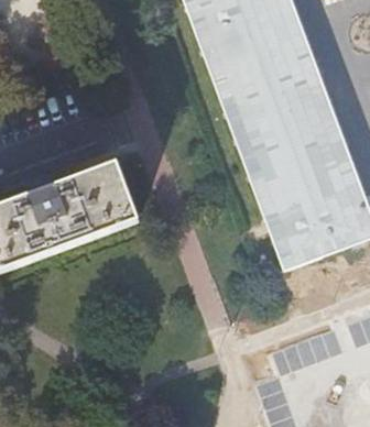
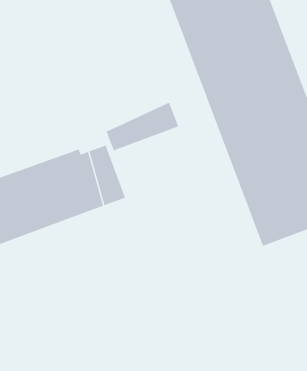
building: none -> [106,102,179,151]

